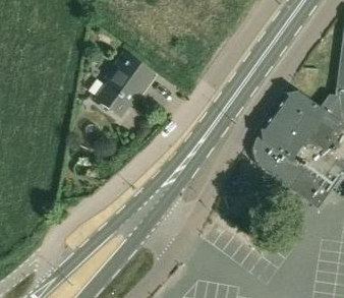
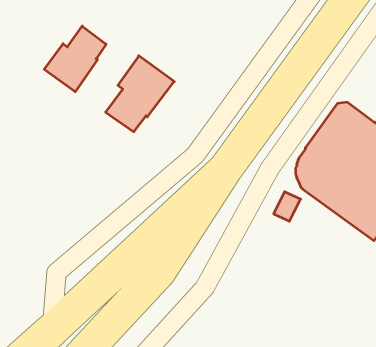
building: none -> [44,26,106,92]

